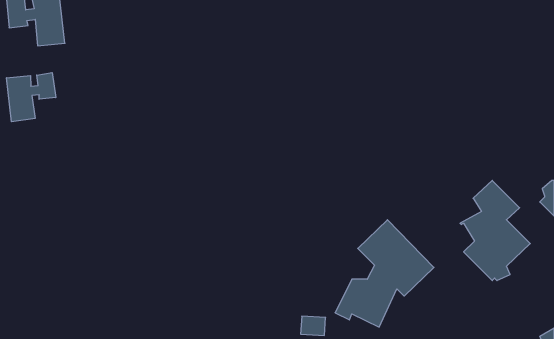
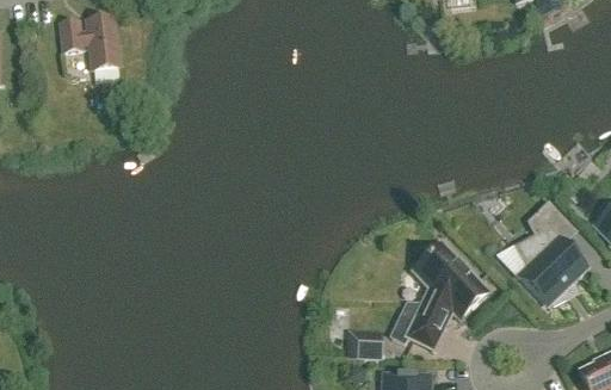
building: [7,73,56,122] -> none

